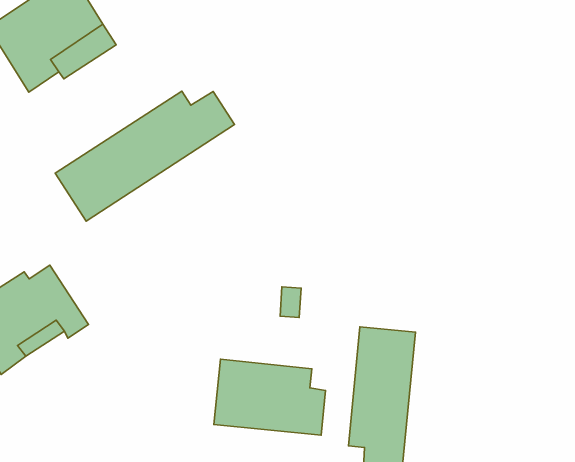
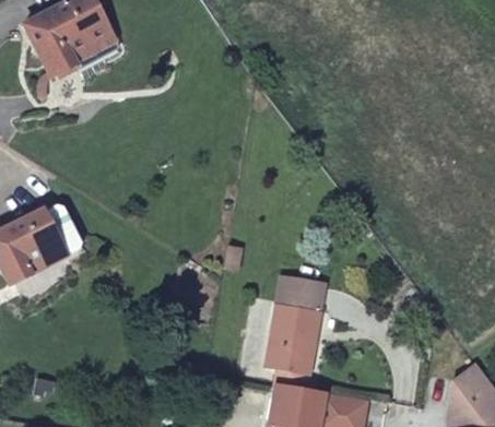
building: [55,91,235,221] -> none
building: [214,359,326,435] -> none

